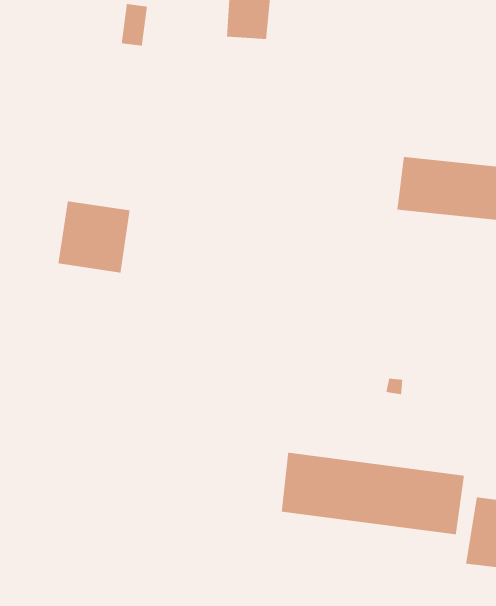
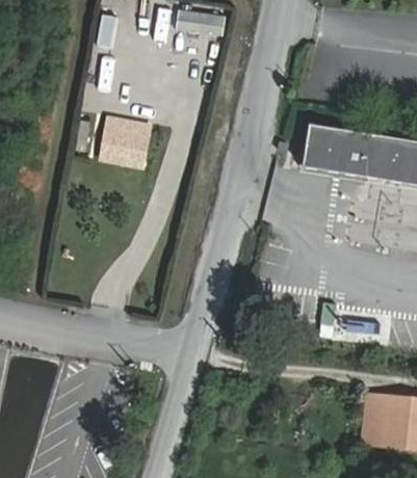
building: [58,200,131,273] -> [98,112,154,168]
building: [281,452,465,535] -> none

